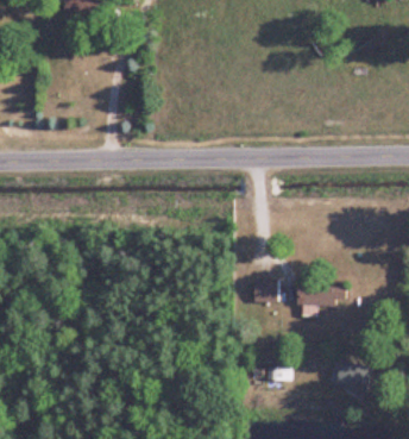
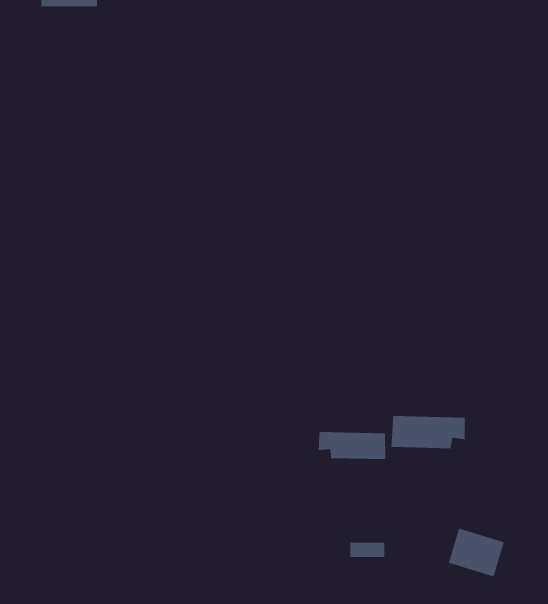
building: none -> [318,431,386,460]

